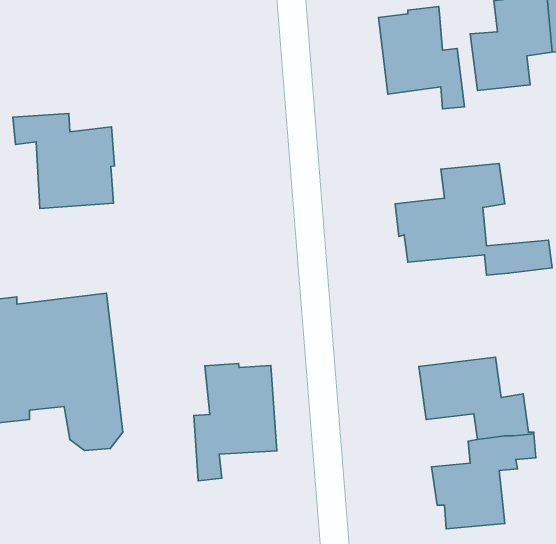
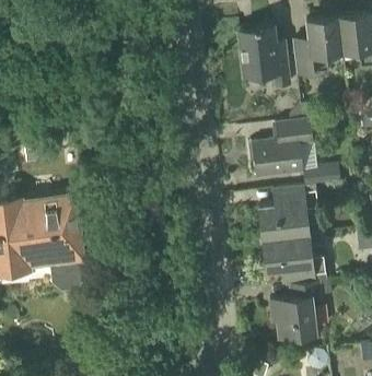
building: [13,114,114,208] -> none
building: none -> [258,184,317,239]
building: [194,363,277,481] -> none

